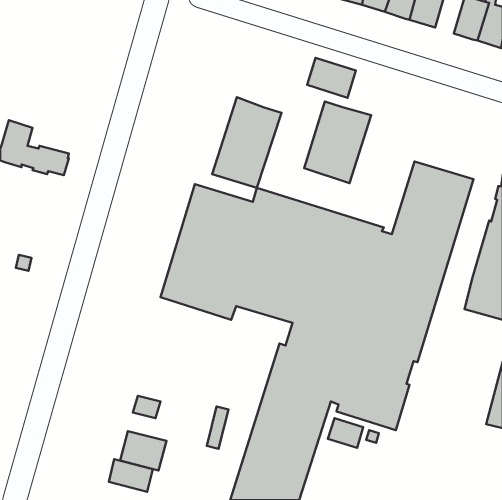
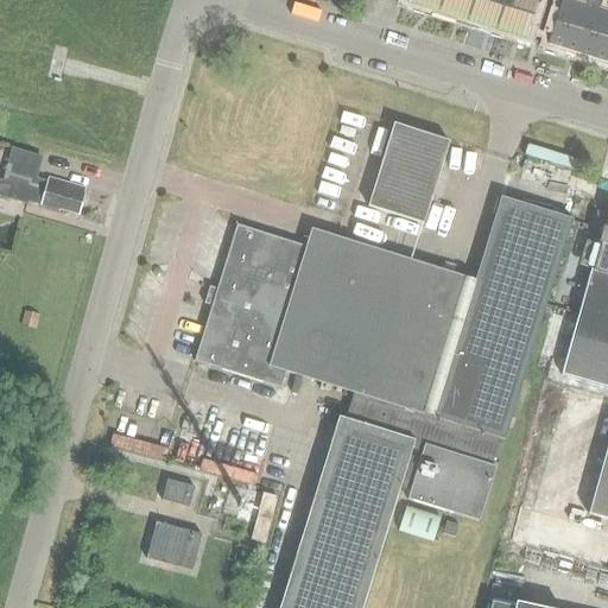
building: [307,58,356,98] -> none
building: [212,97,282,188] -> none
building: [109,459,153,492] -> none

